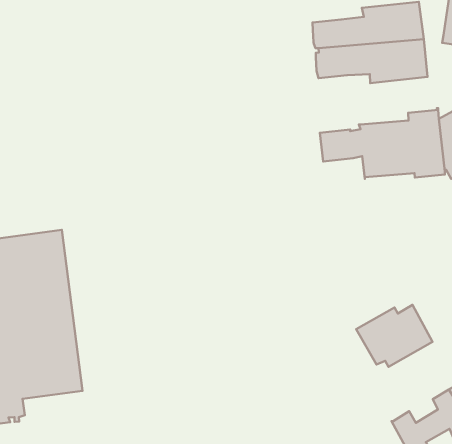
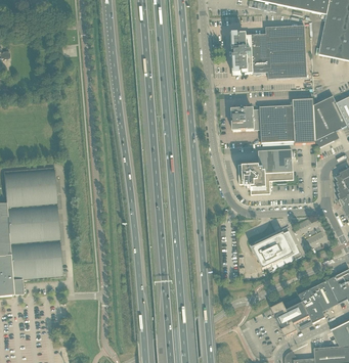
building: none -> [237,149,293,194]

